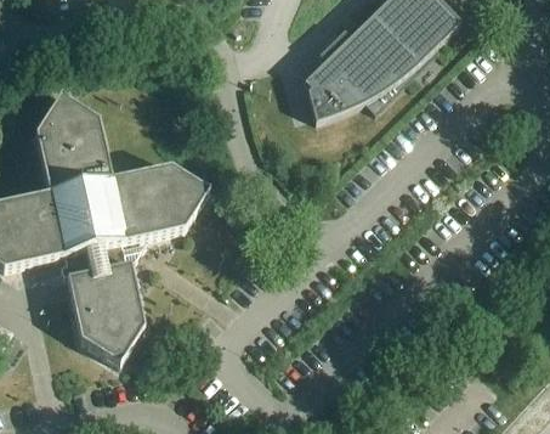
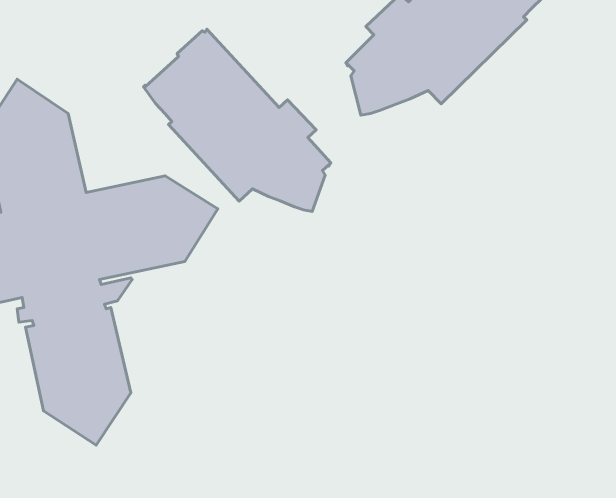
building: none -> [144,29,331,211]

